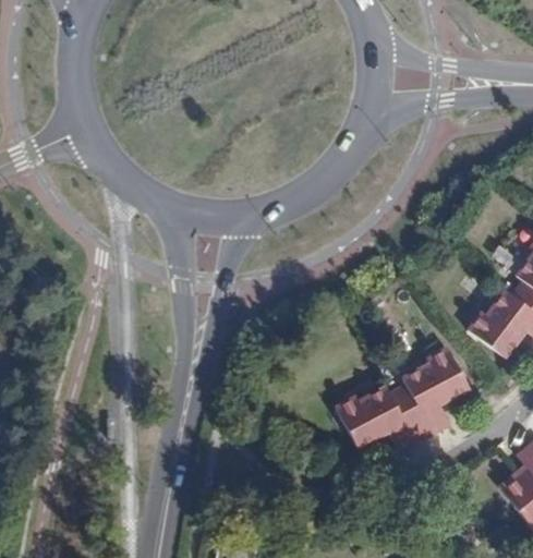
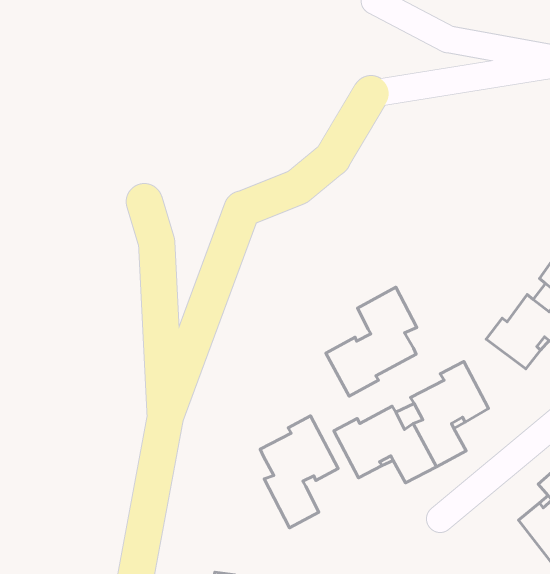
building: none -> [326,287,417,396]
building: none -> [260,416,338,528]

